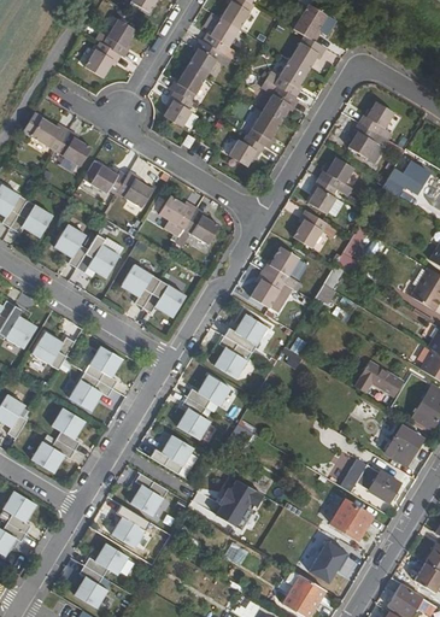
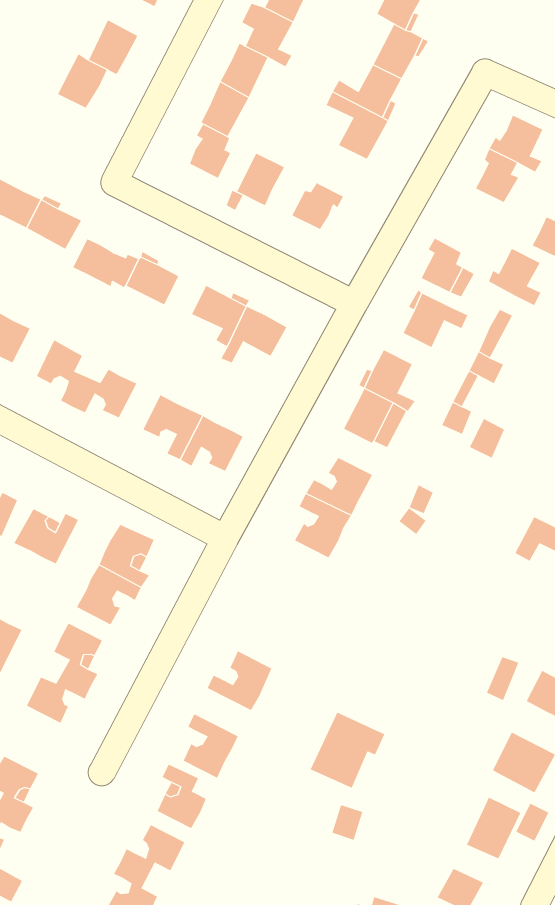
building: [247,111,280,146] -> [236,153,285,206]
building: [319,155,354,194] -> [488,248,541,306]
building: [177,374,230,439] -> none

